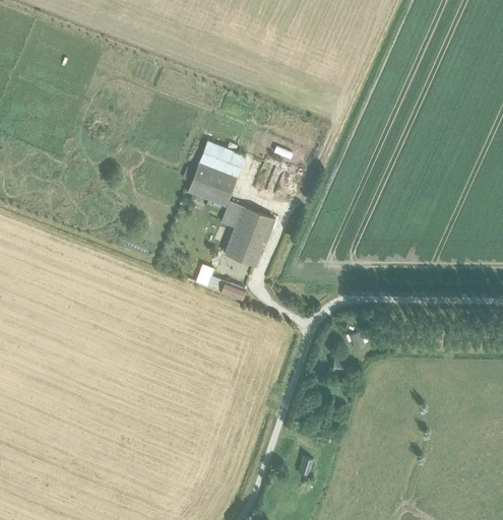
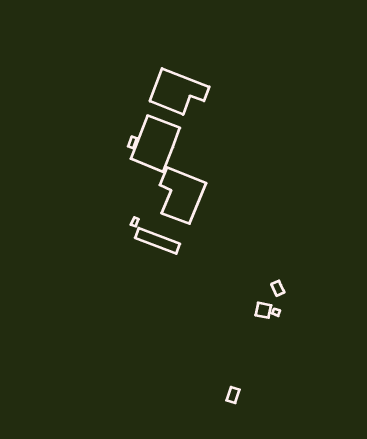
building: none -> [150,68,209,115]

